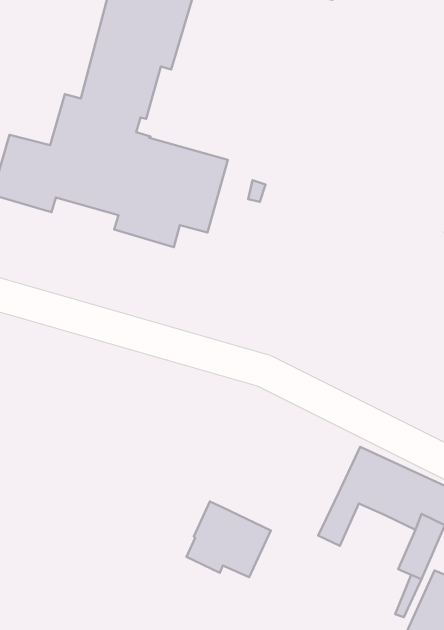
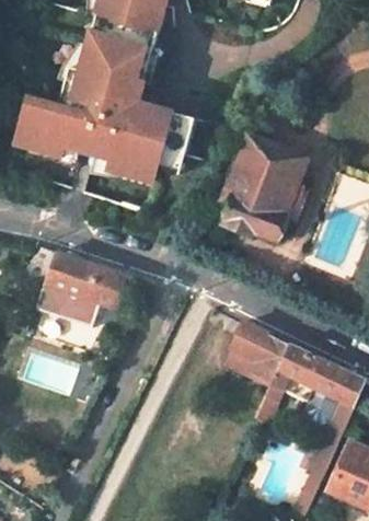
building: none -> [224,132,305,235]
building: none -> [35,251,129,325]
building: [186,502,271,577] -> [228,321,291,378]

